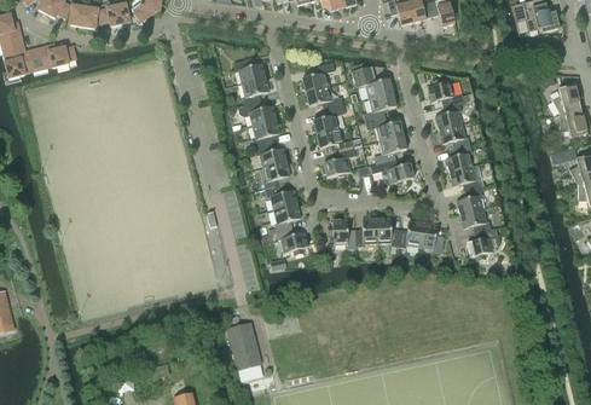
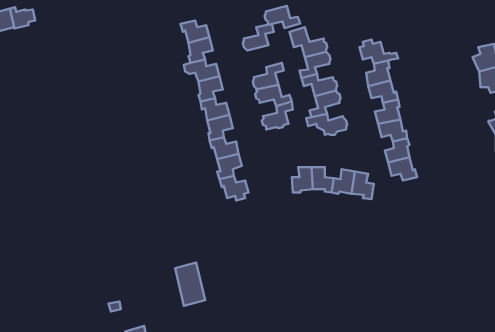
building: [305,85,343,109] -> [265,6,300,28]
building: [328,219,355,248] -> none
building: [467,227,498,260] -> none

